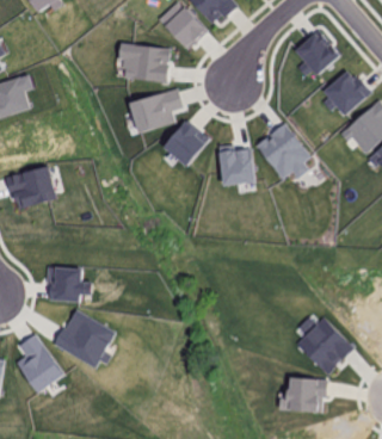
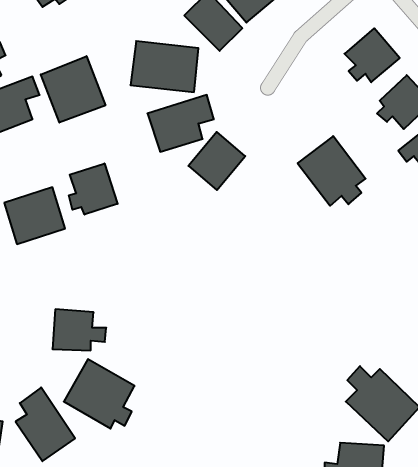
building: none -> [41,56,105,123]
building: [218,143,257,187] -> none
building: none -> [69,163,118,215]

